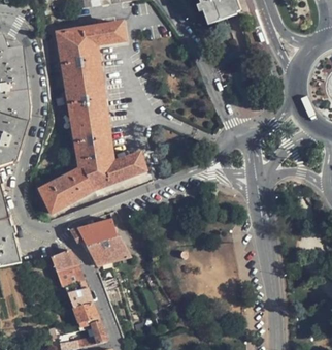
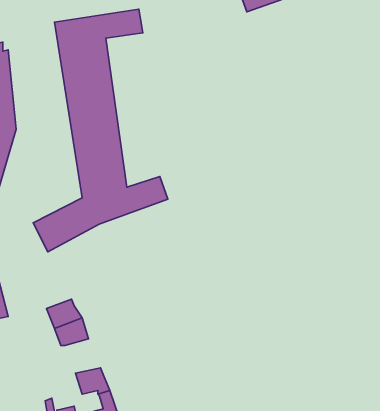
building: [71,218,127,264] -> none
building: [65,279,93,306] -> none

